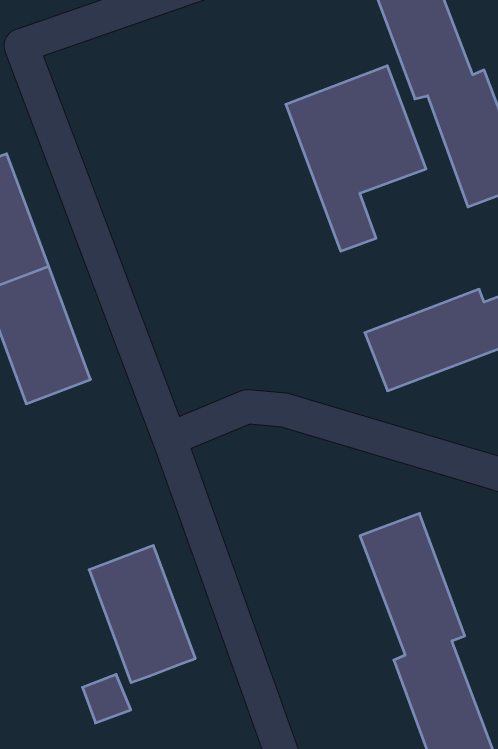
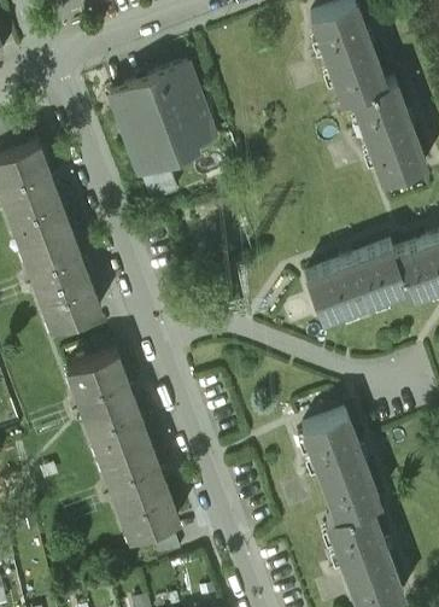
building: [286,66,426,251] -> [110,62,215,200]
building: none -> [66,349,146,451]
building: [82,674,131,723] -> [142,521,178,558]

